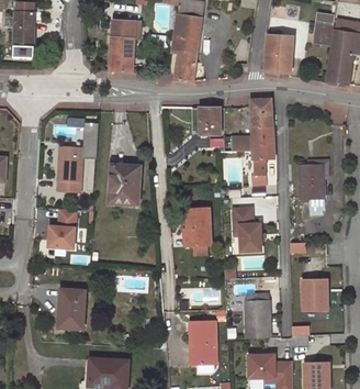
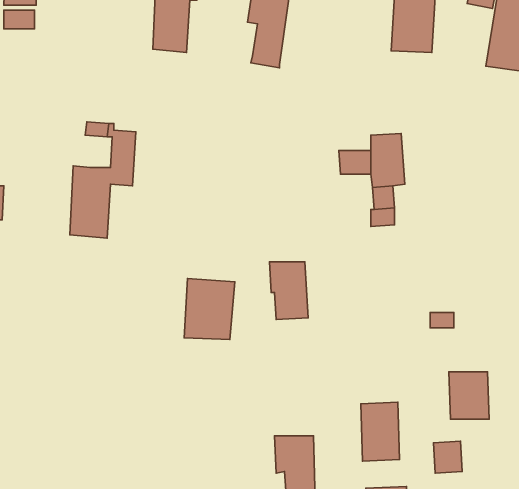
building: [250,99,271,125] -> none
building: [199,107,220,134] -> none
building: [299,158,328,214] -> none
building: [108,164,140,203] -> [184,279,235,339]
building: [48,208,76,247] -> none
building: [232,208,261,252] -> none
building: [58,288,85,329] -> none

